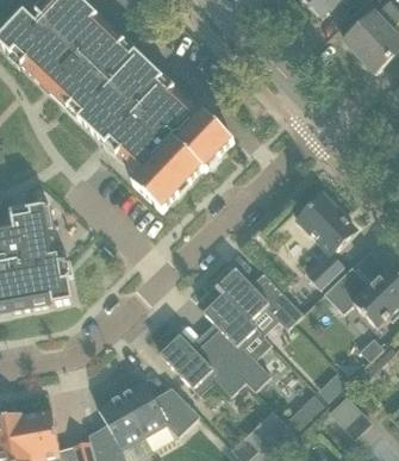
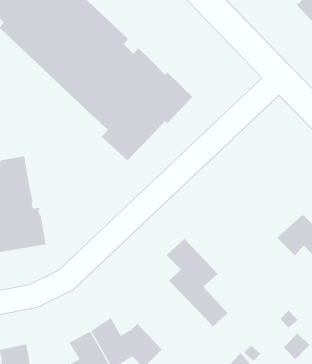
building: [297,189,355,288] -> none
building: [216,268,303,332] -> none
building: [160,335,245,395] -> none

